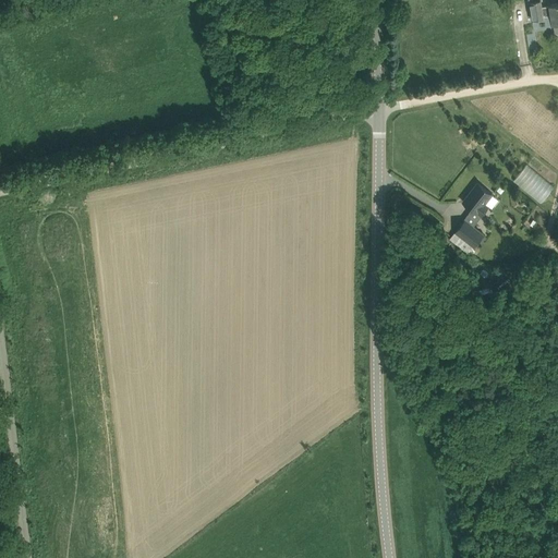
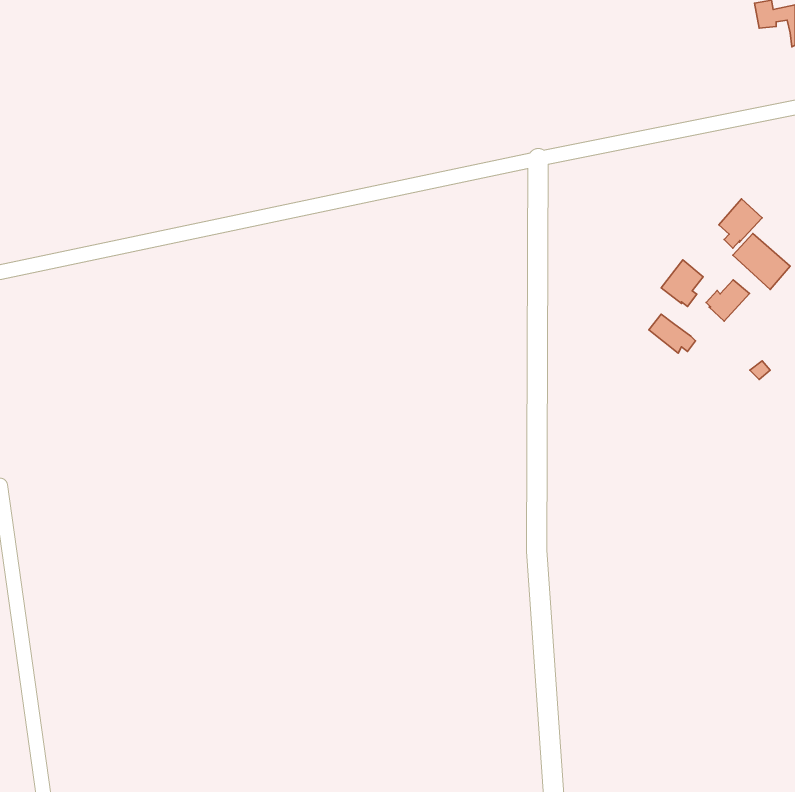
building: none -> [719,199,762,248]
building: none -> [706,280,749,321]

